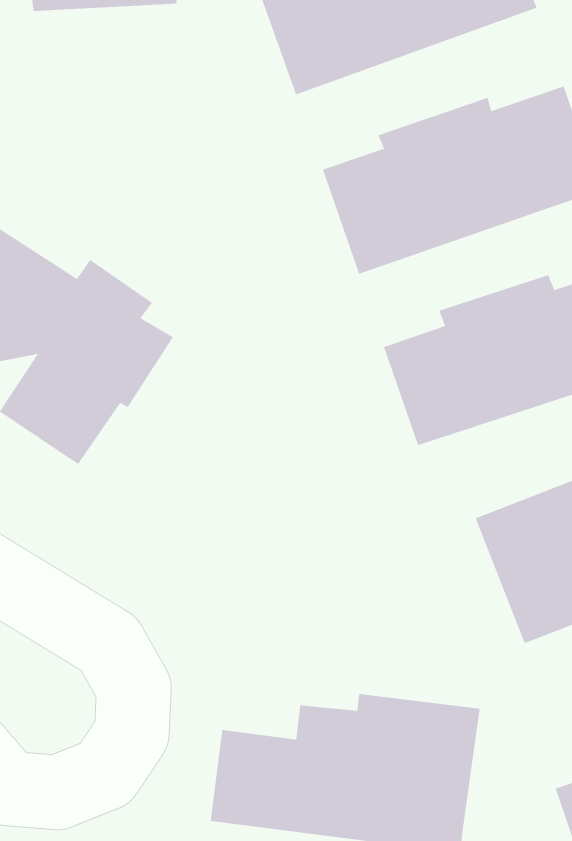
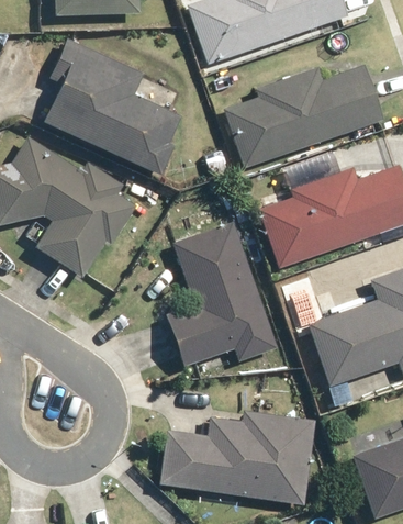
building: none -> [43,37,184,175]
building: none -> [168,220,279,366]

